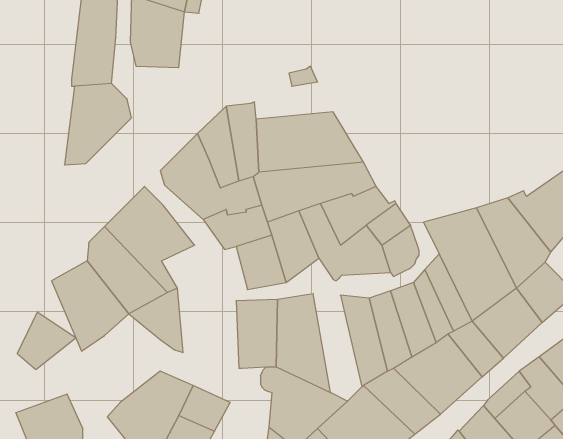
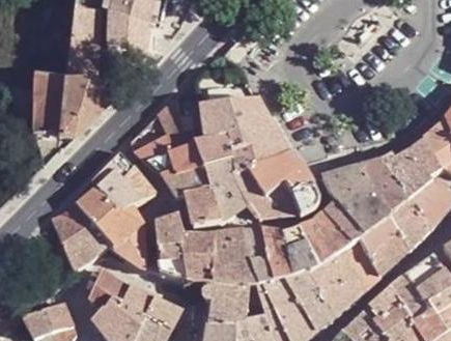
building: none -> [33,72,68,138]
building: none -> [149,215,188,283]
building: none -> [242,229,277,307]
building: [17,312,76,369] -> [88,266,131,308]

